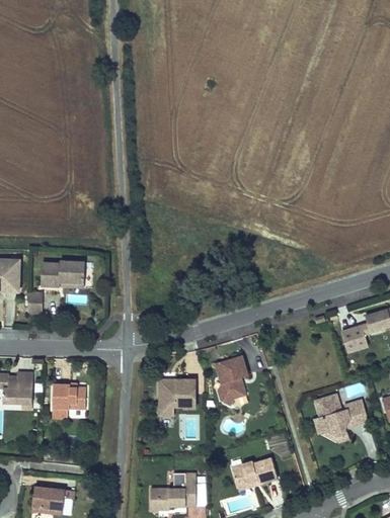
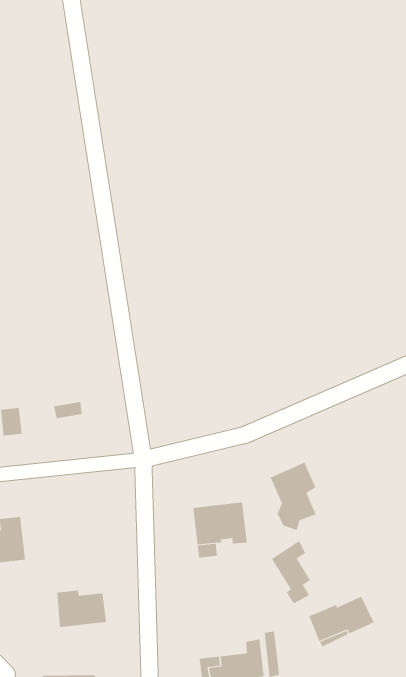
building: [43,259,86,285] -> none
building: [53,381,87,407] -> [57,590,107,628]
building: none -> [271,540,311,604]

